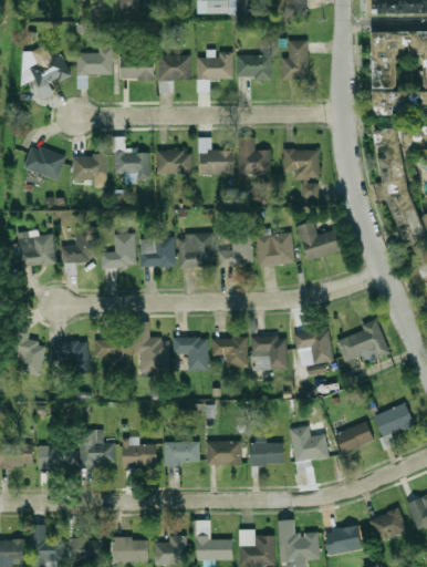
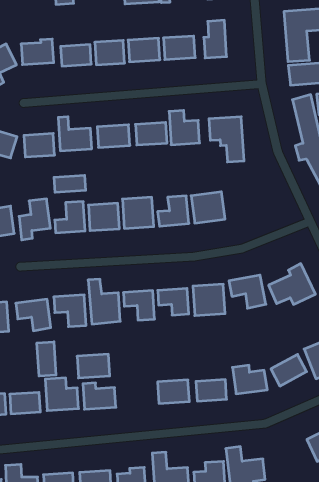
building: none -> [54,175,86,192]
building: [298,221,342,261] -> none
building: none -> [37,342,56,376]
building: [164,442,199,466] -> [77,354,110,378]
building: [324,526,362,555] -> none

